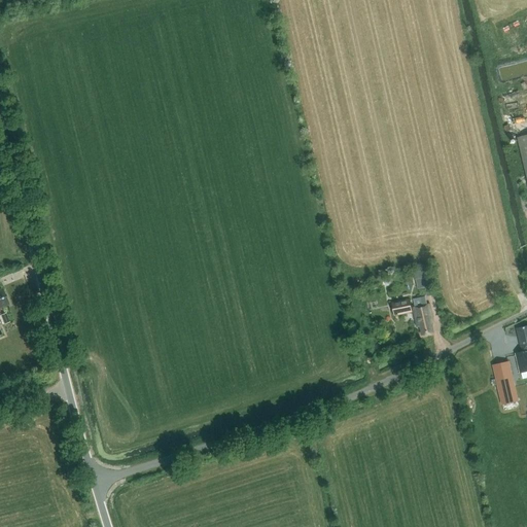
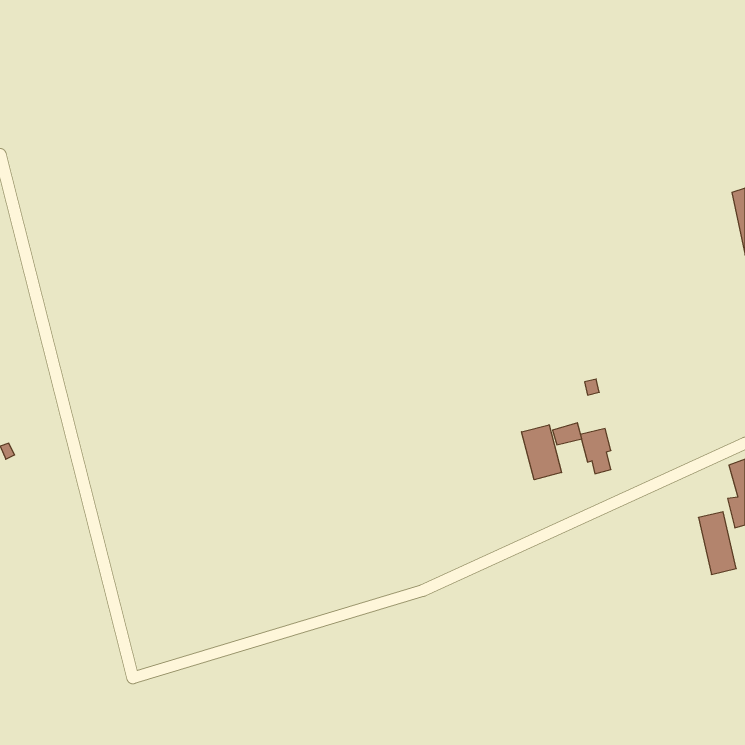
building: none -> [522,425,562,480]

